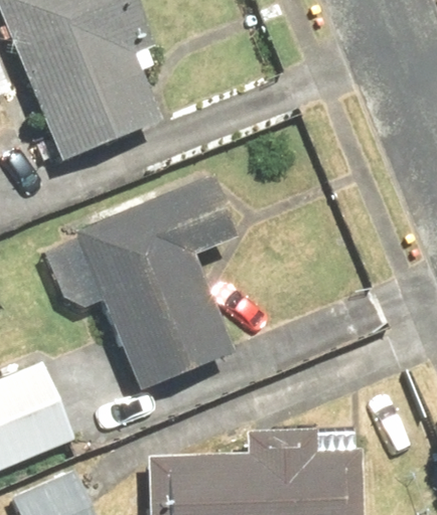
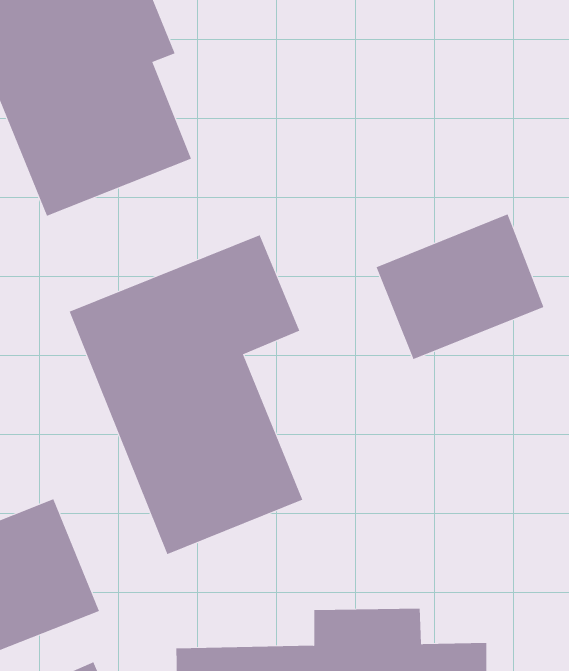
building: none -> [376,214,544,360]

